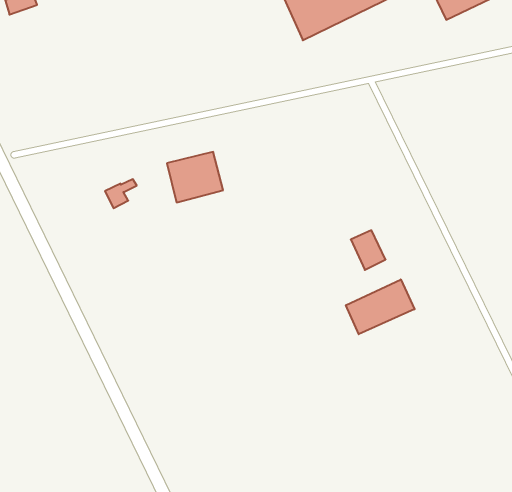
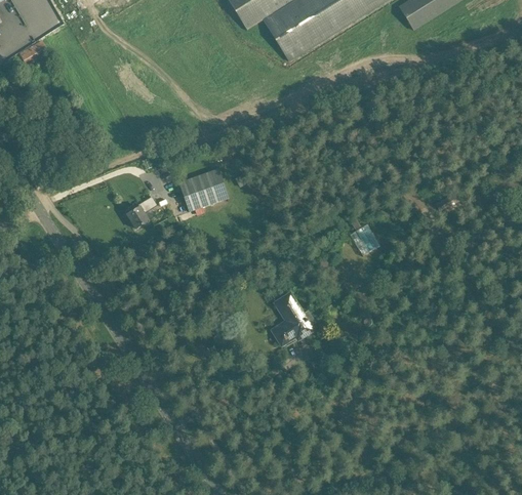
building: [346,279,415,334] -> none
building: none -> [273,291,316,339]

